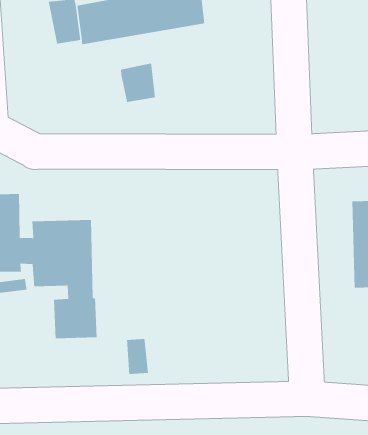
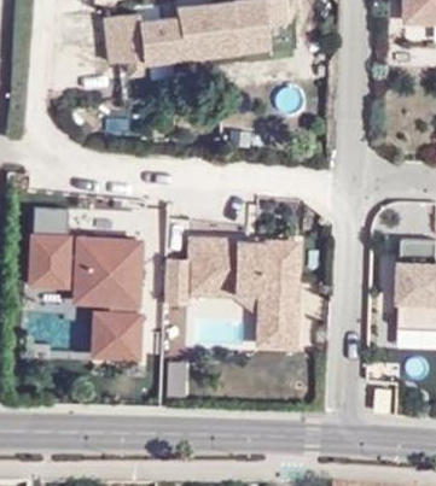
building: [120,63,156,103] -> none
building: none -> [161,240,293,346]

